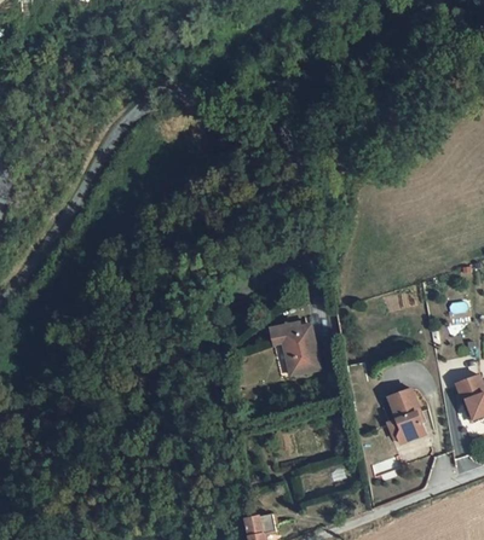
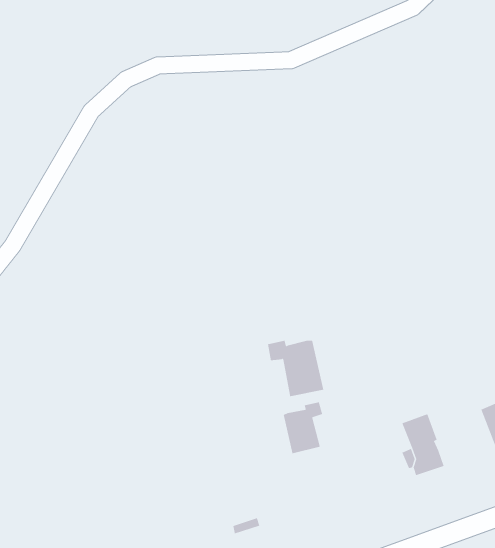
building: none -> [283,402,323,454]

